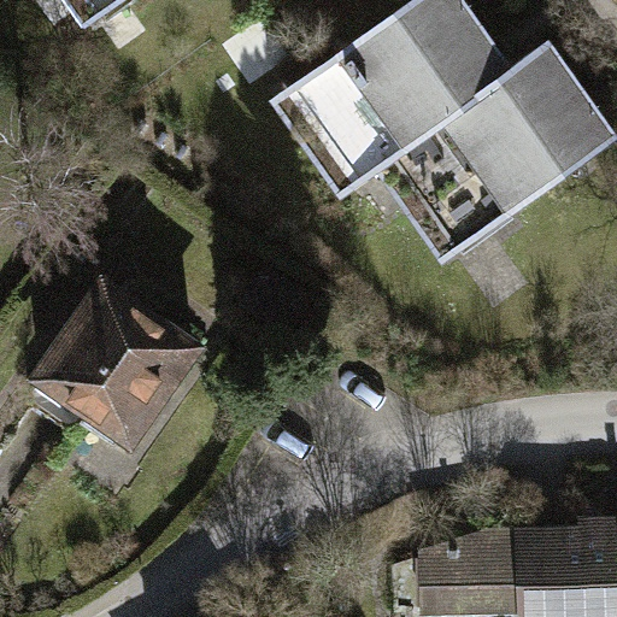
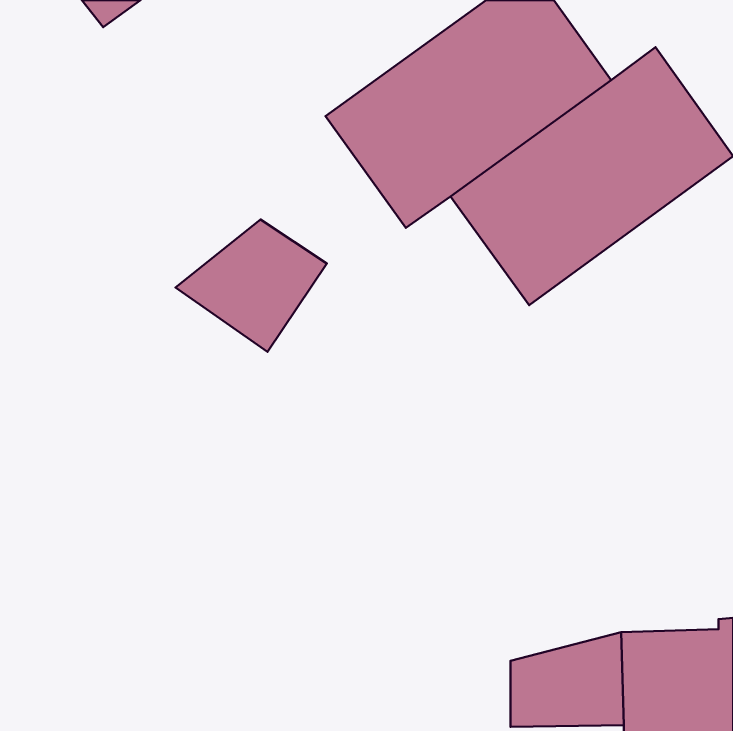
building: none -> [176,220,327,352]
building: [33,283,195,445] -> none

